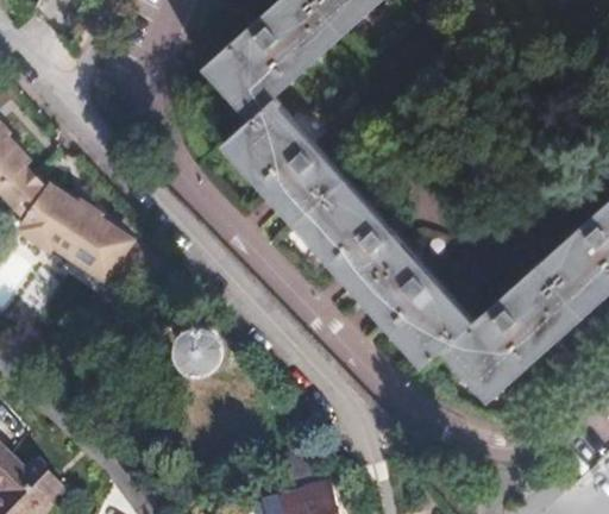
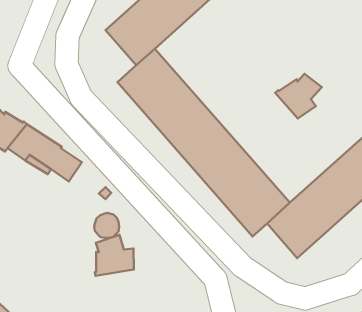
building: none -> [275,74,322,119]
building: none -> [95,235,134,276]

